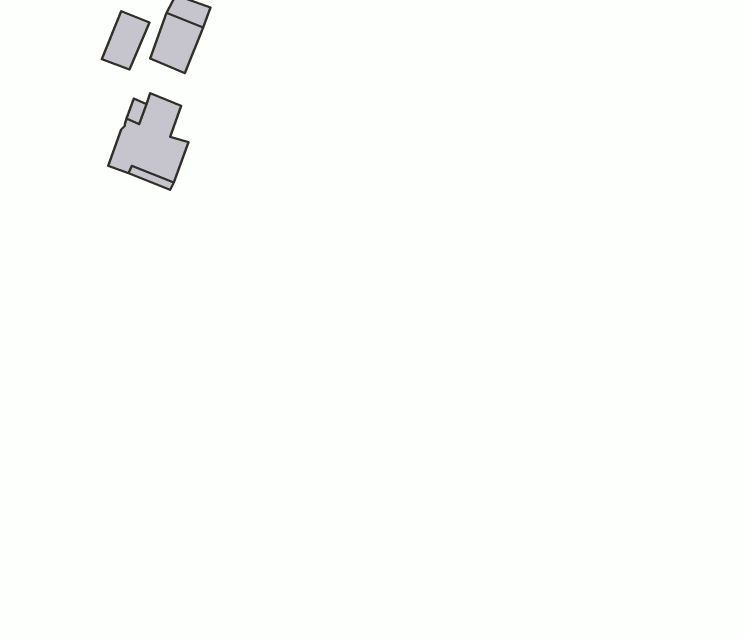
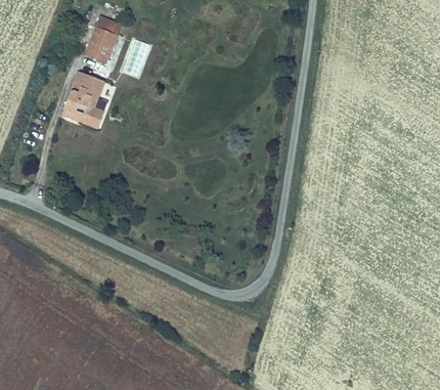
building: [102,11,150,70] -> none

